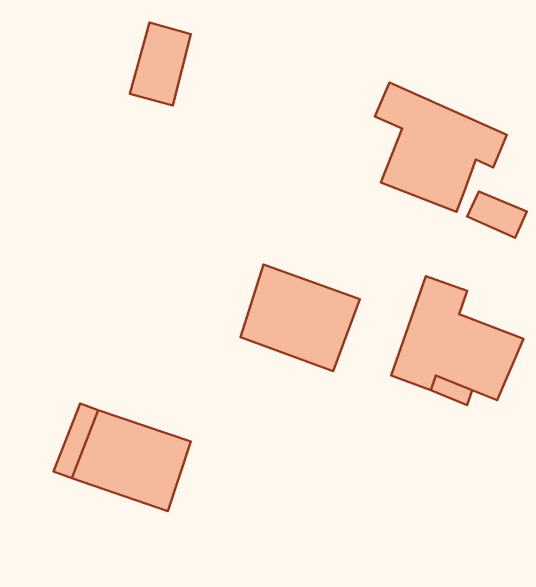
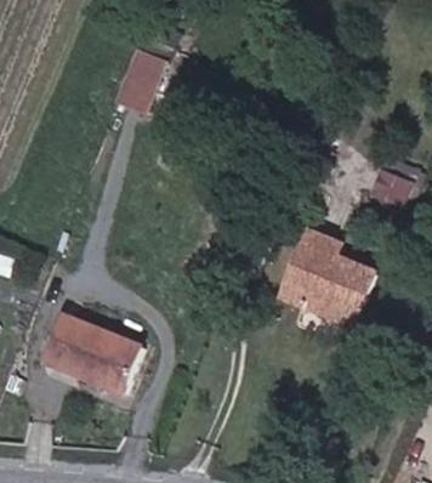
building: [375,83,507,212] -> none
building: [241,265,360,371] -> none

